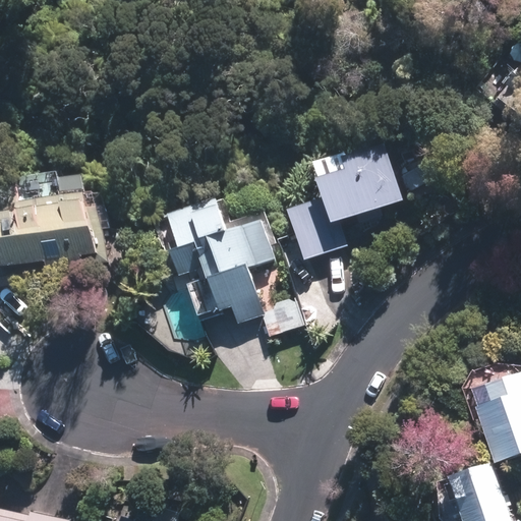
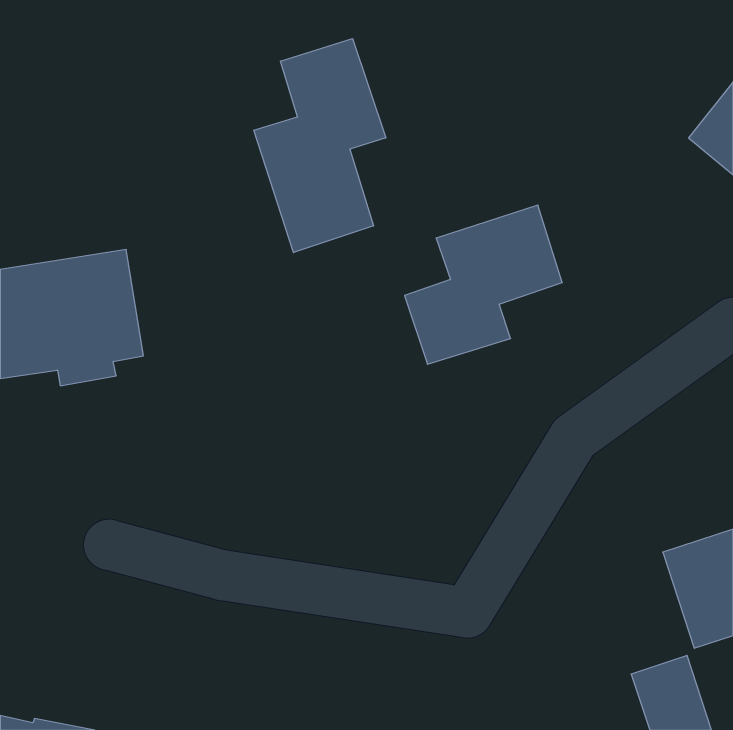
building: none -> [254,39,386,253]
building: [167,198,301,333] -> none

